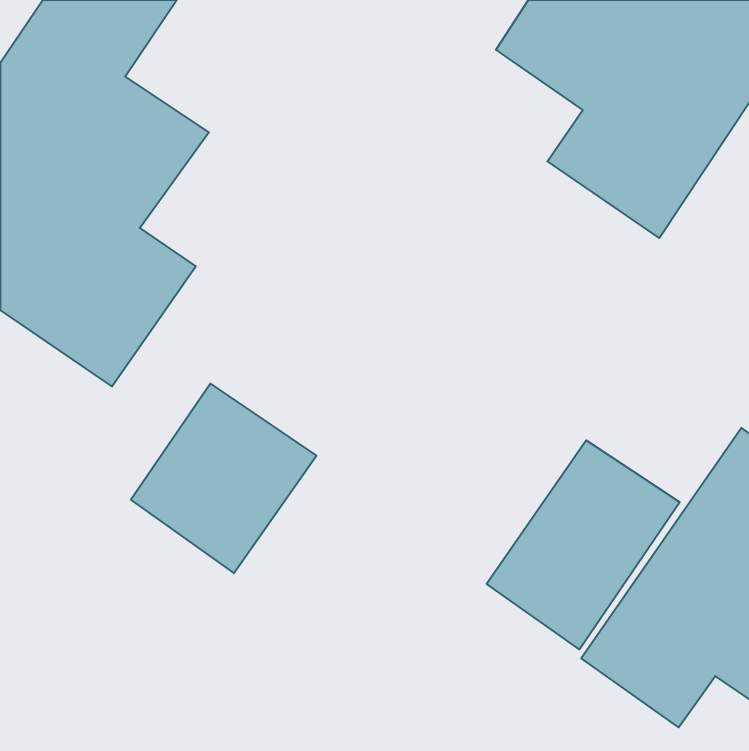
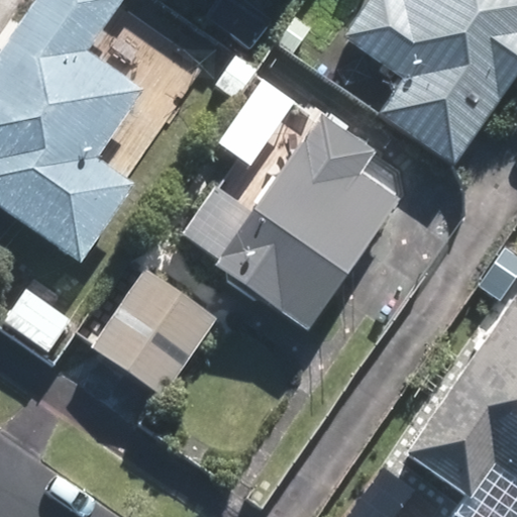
building: none -> [212,111,398,331]
building: [487,440,680,649] -> none

